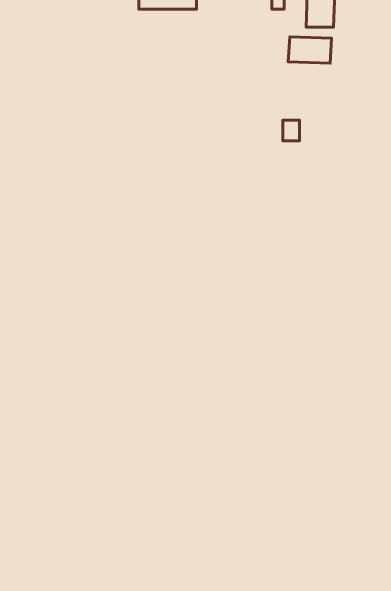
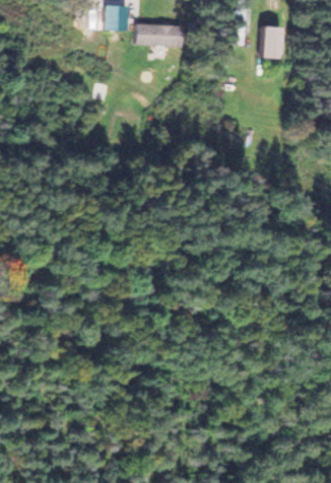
building: [288,37,332,63] -> none

